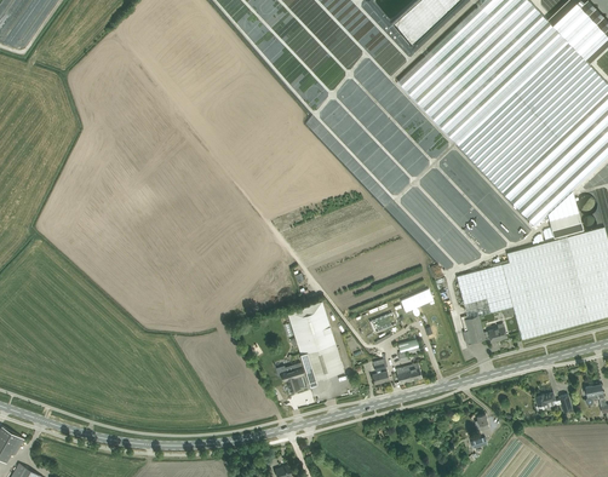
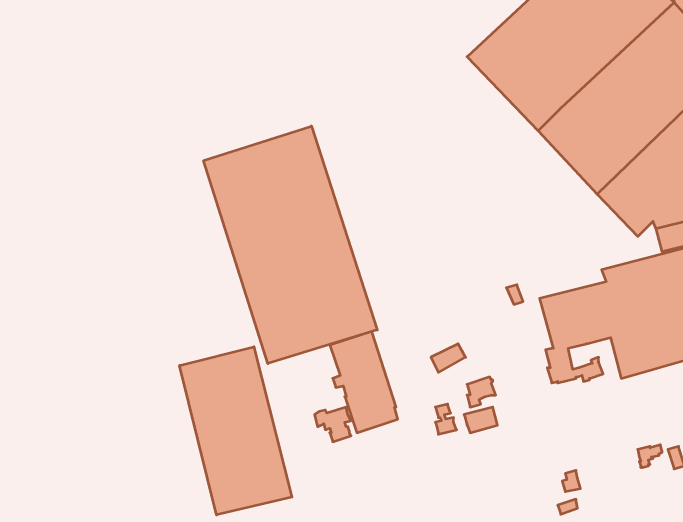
building: none -> [204,126,377,364]
building: none -> [180,347,292,515]

